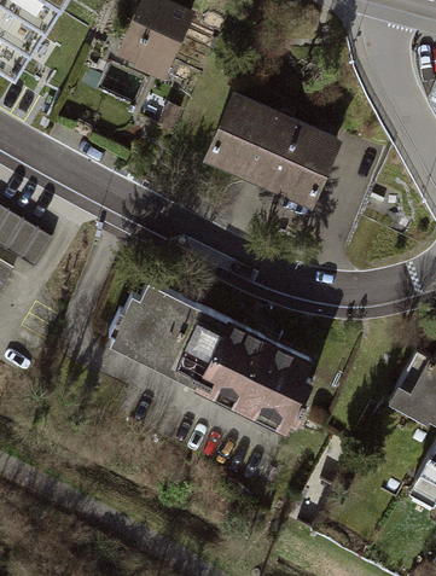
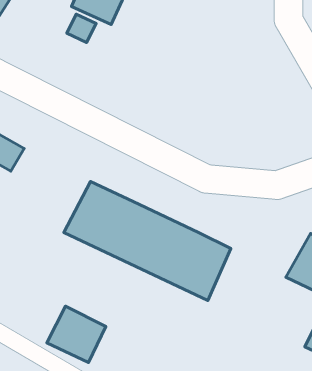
building: [203,92,339,206] -> none
building: none -> [47,306,106,362]

